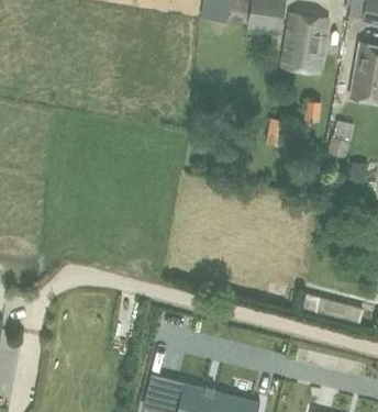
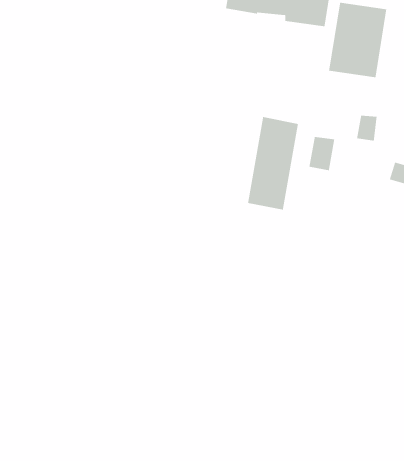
building: none -> [247,116,299,211]

